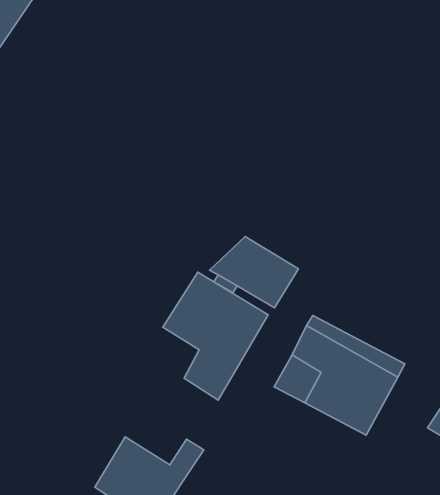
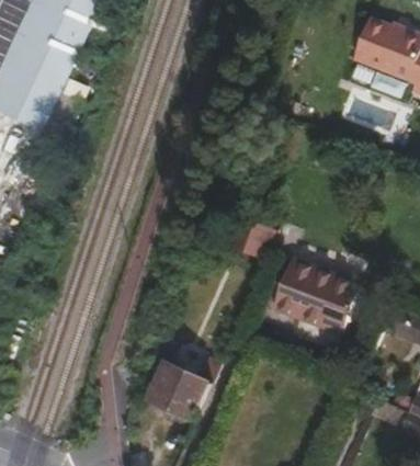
building: [163,272,268,400] -> none

